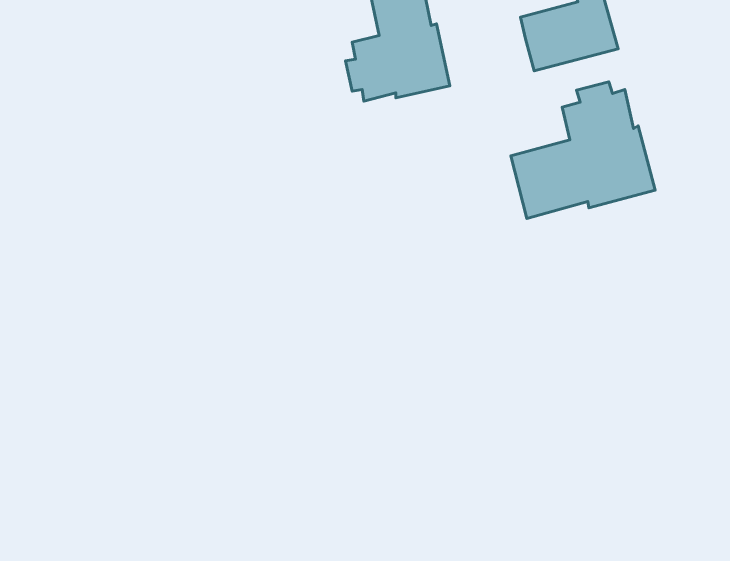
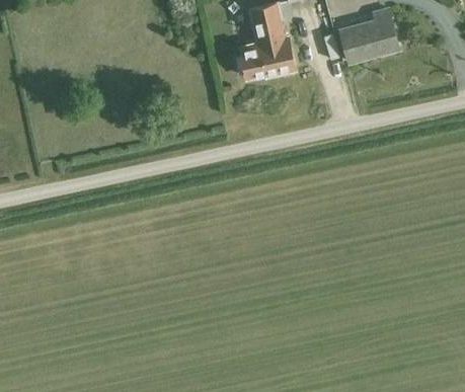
building: [511,82,655,219] -> none

